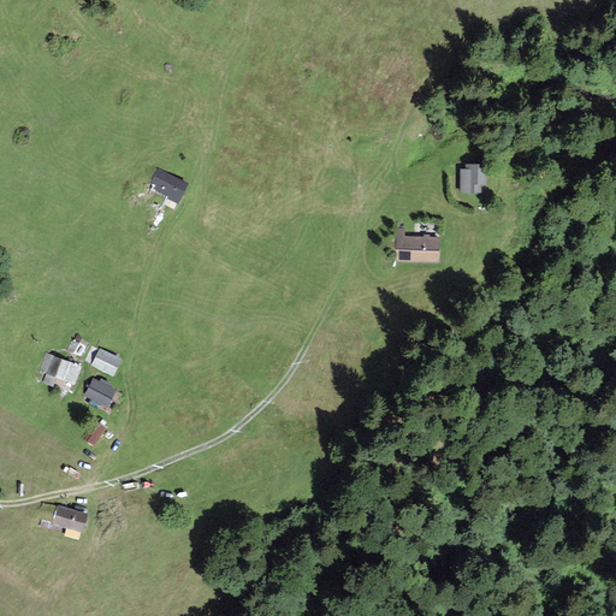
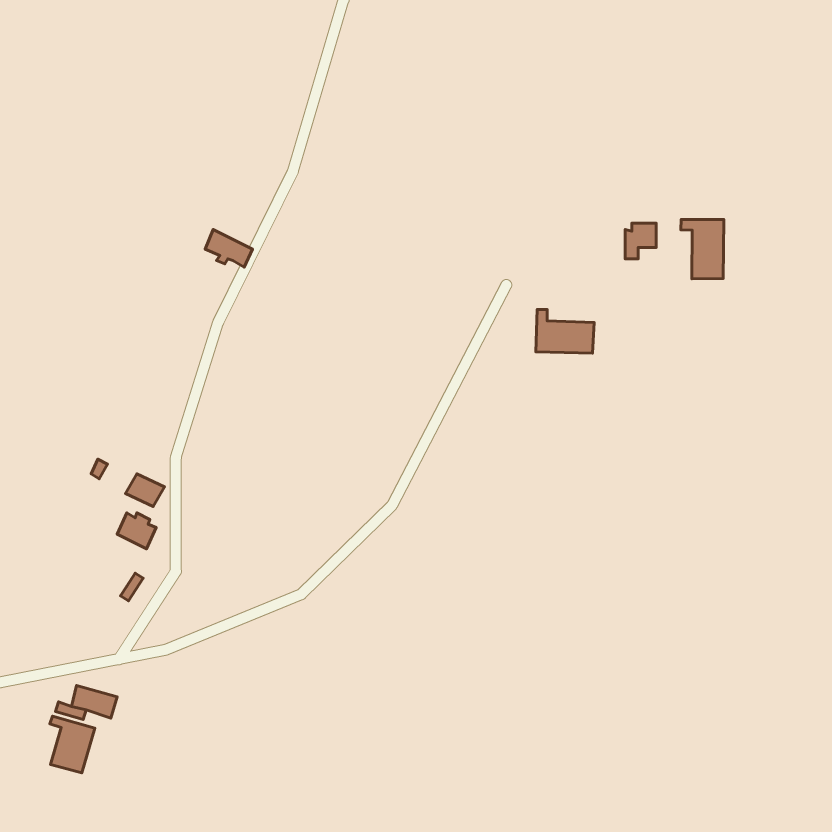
building: none -> [681,220,724,279]
building: [40,354,81,386] -> none
building: none -> [50,716,95,773]

